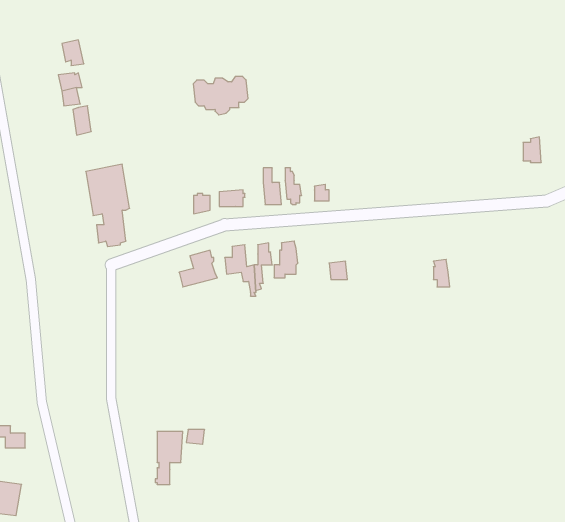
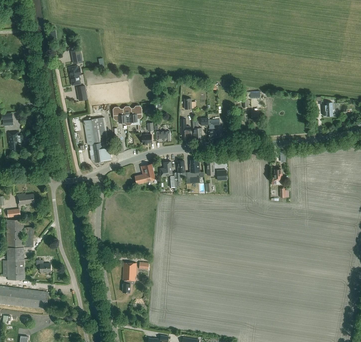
building: [193,76,248,115] -> [111,104,141,125]

